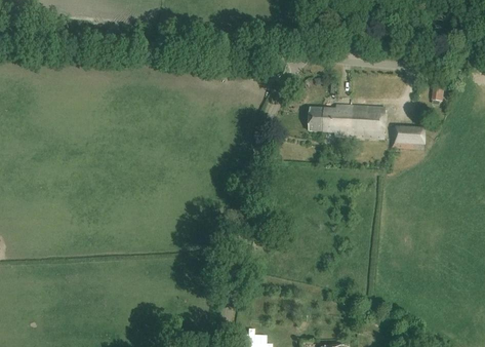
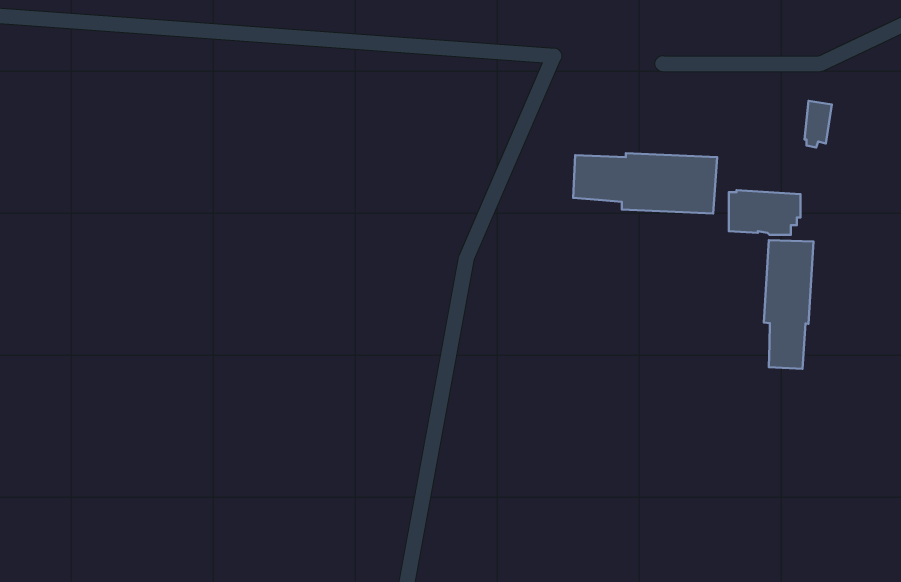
building: none -> [764,240,814,369]

